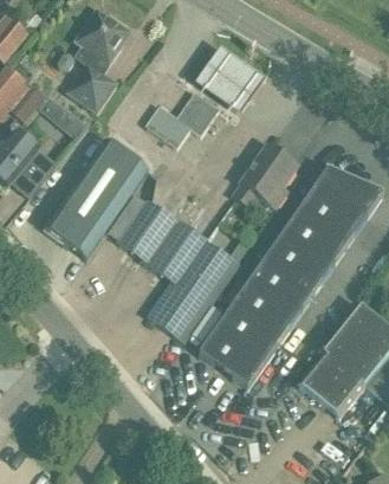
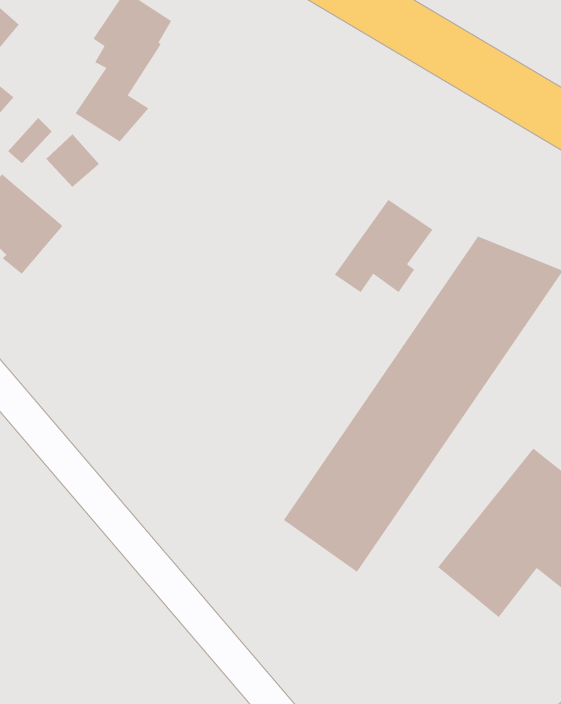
building: [195,44,261,108] -> none
building: [145,92,219,147] -> none
building: [44,140,149,259] -> none
building: [119,200,239,341] -> none

